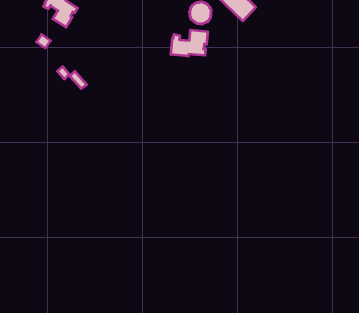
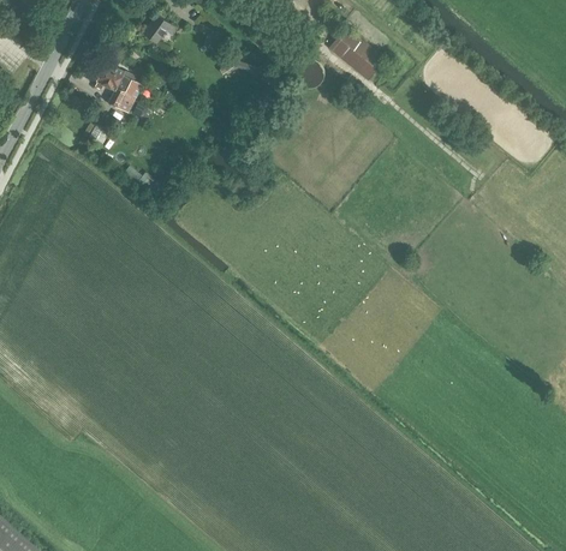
building: [171,30,208,56] -> none

